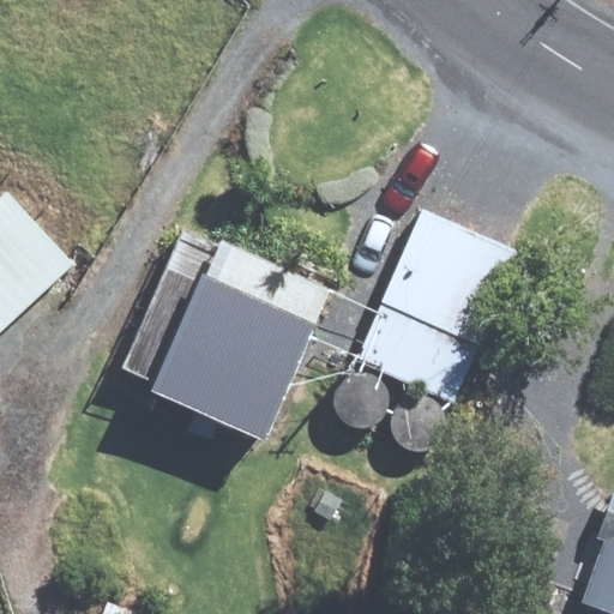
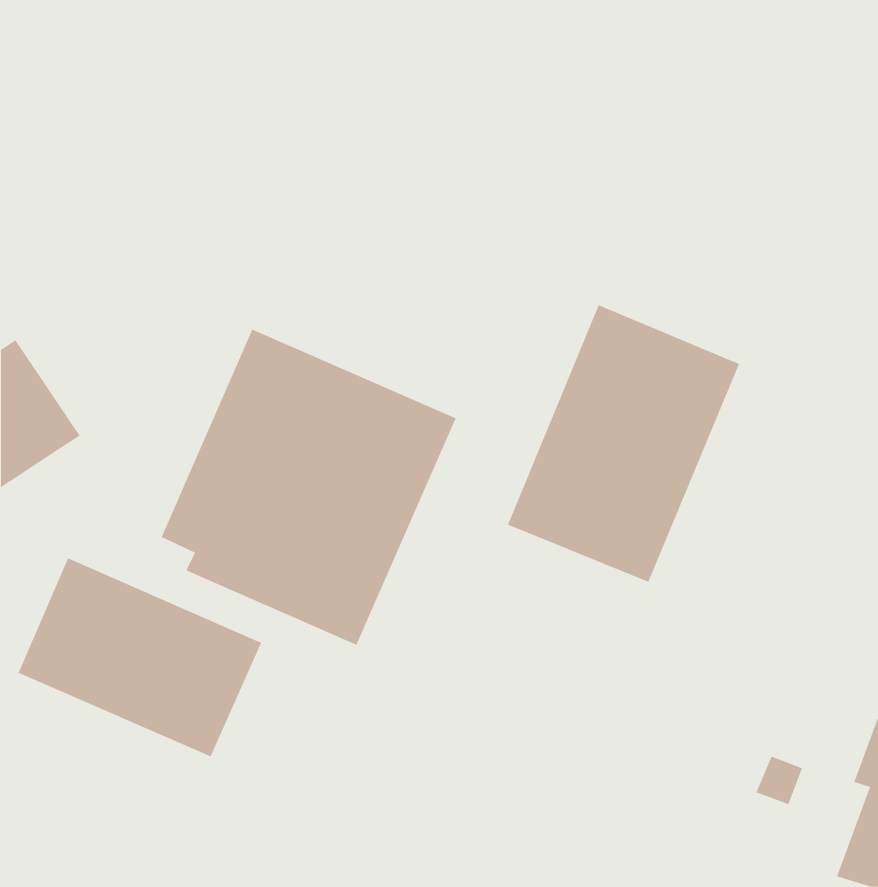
building: none -> [18,557,262,757]

